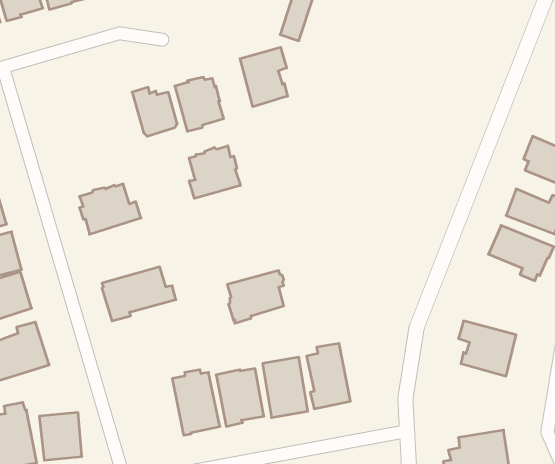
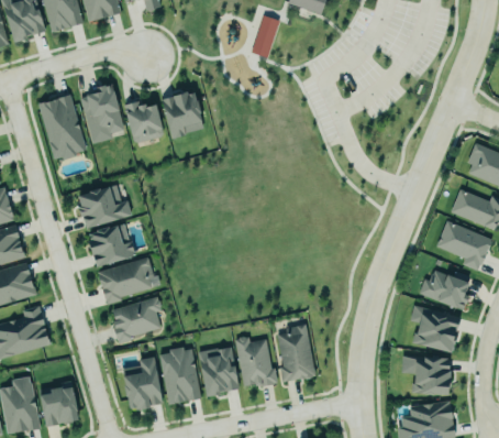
building: [240,47,288,107] -> none
building: none -> [81,87,125,145]
building: none -> [37,94,86,160]
building: [189,146,240,198] -> none
building: none -> [88,223,137,269]
building: [227,271,284,323] -> [111,297,160,343]
building: none -> [418,271,468,310]
building: none -> [401,355,450,395]
building: none -> [125,358,164,412]

